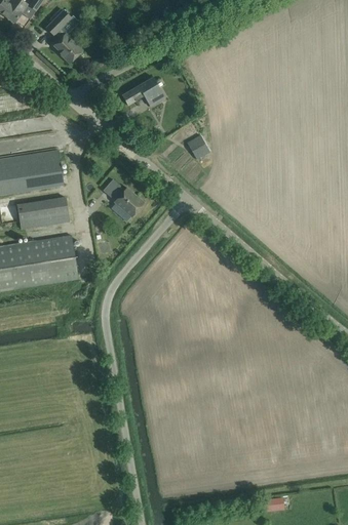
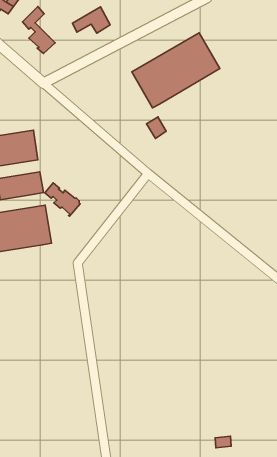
building: none -> [132,33,220,108]
building: [122,76,165,106] -> [72,7,110,33]
building: [104,178,144,216] -> [45,183,80,216]

